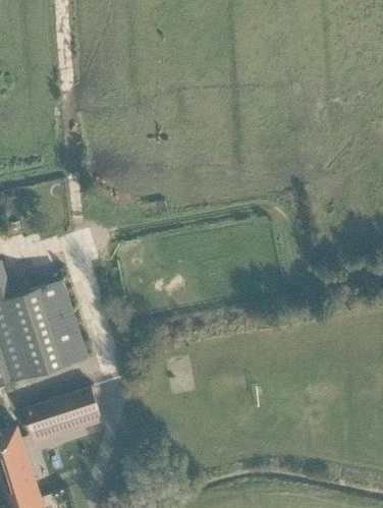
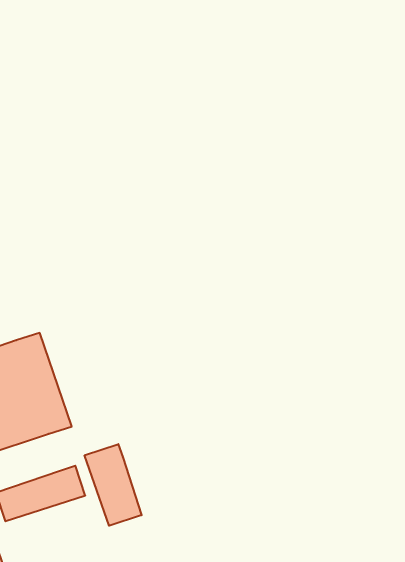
building: none -> [85,444,142,526]

